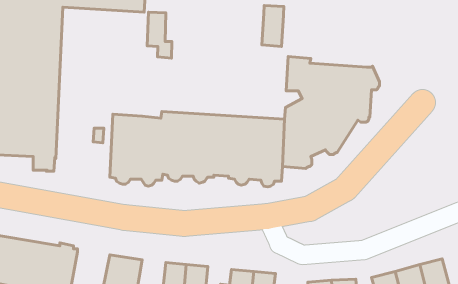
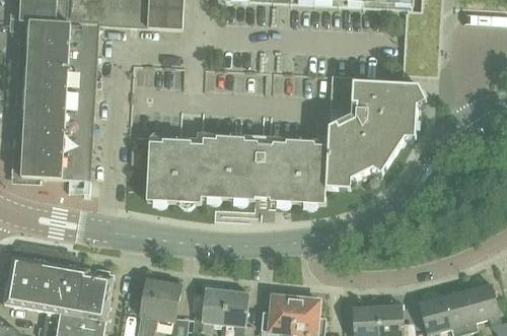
building: [262,6,284,47] -> none
building: [147,12,172,58] -> none

